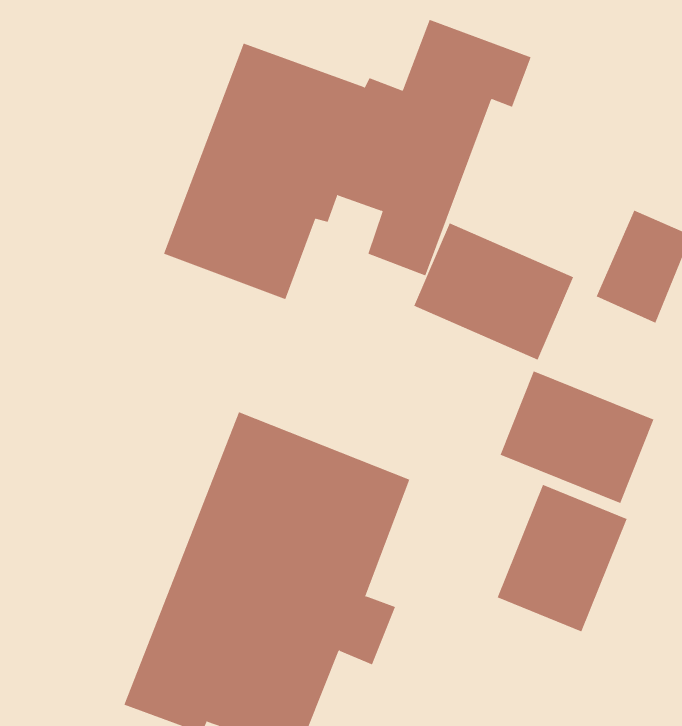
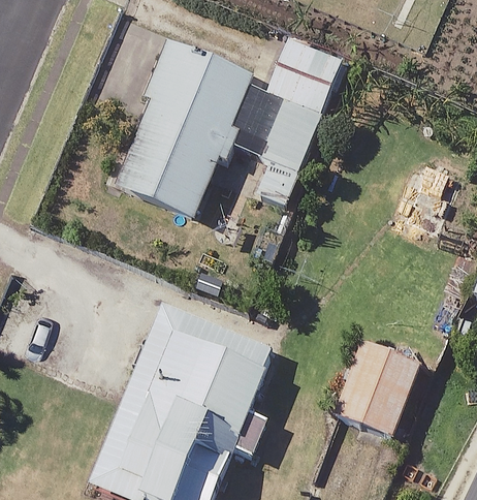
building: [414,222,574,360] -> none
building: [500,371,654,504] -> none

